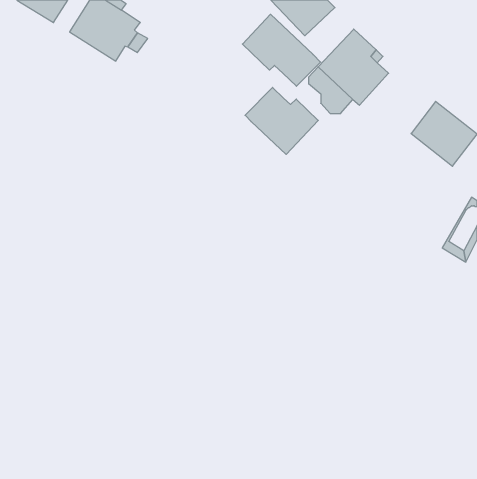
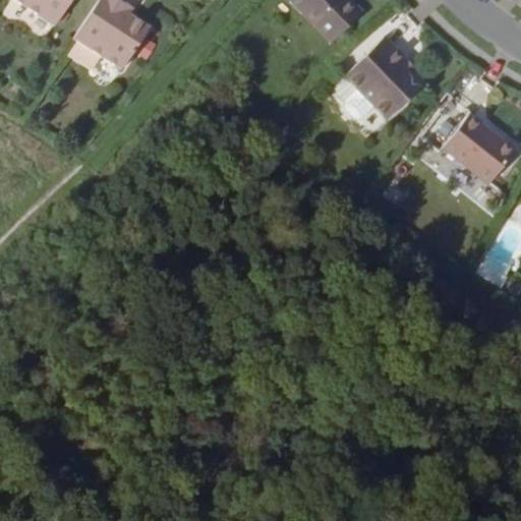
building: [242,14,321,86] -> none
building: [245,87,318,154] -> none

